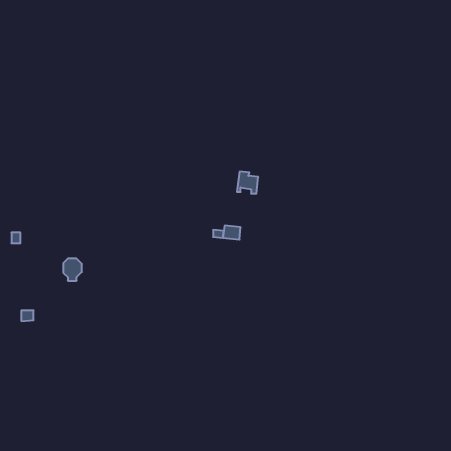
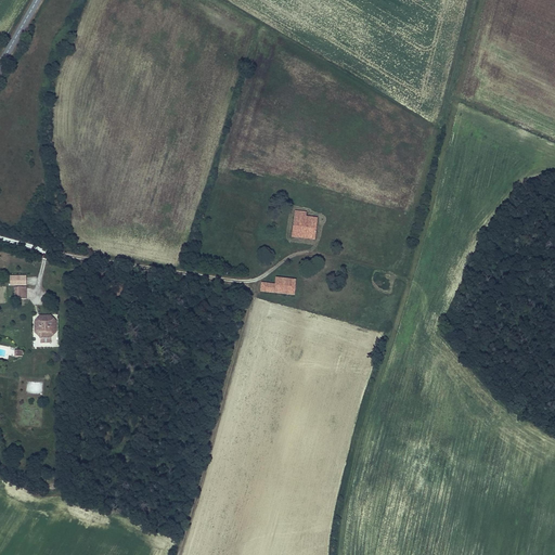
building: [63,259,82,281] -> [34,314,56,341]

